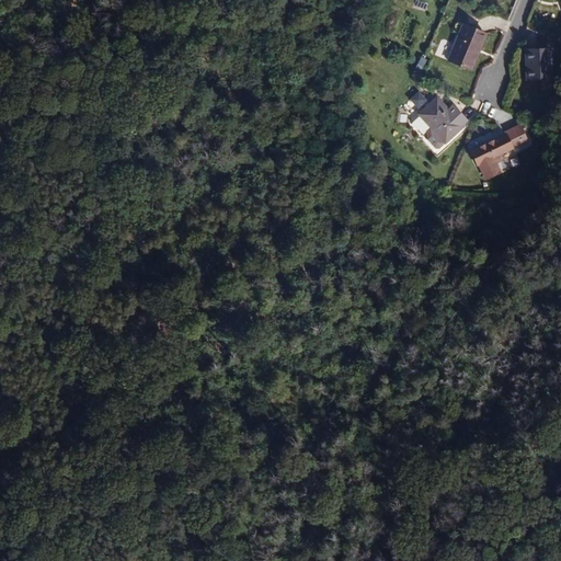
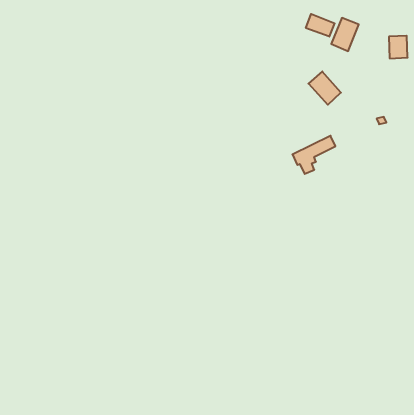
building: none -> [306,14,335,37]
building: [469,125,527,176] -> [292,136,335,174]

